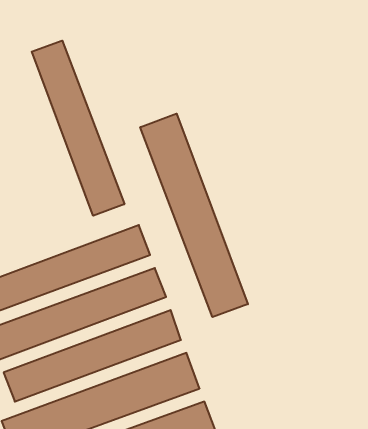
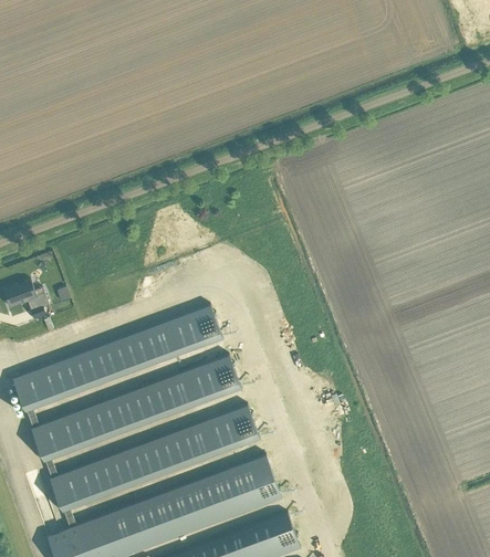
building: [32,41,124,216] -> none
building: [140,114,248,317] -> none

